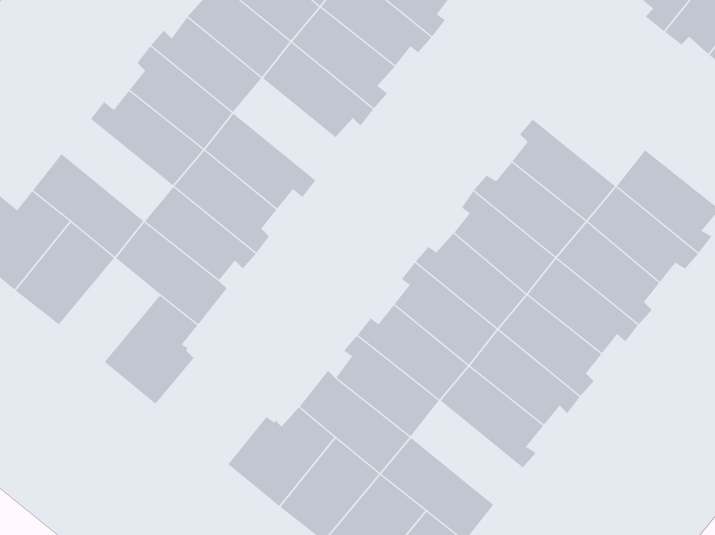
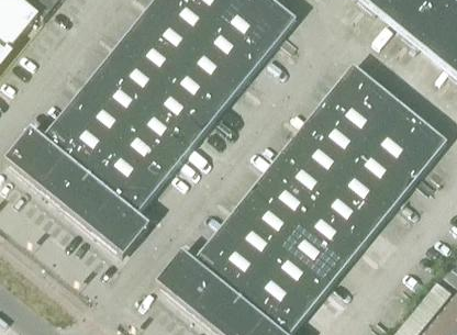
building: none -> [164,63,222,121]
building: none -> [334,68,398,124]
building: none -> [71,86,130,144]
building: none -> [65,165,122,224]
building: none -> [265,246,328,301]

